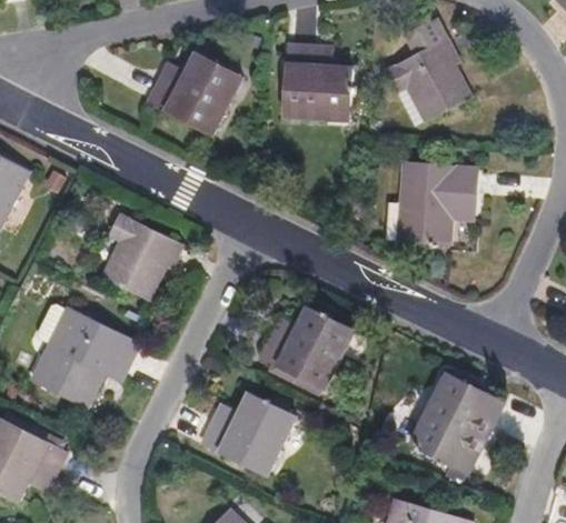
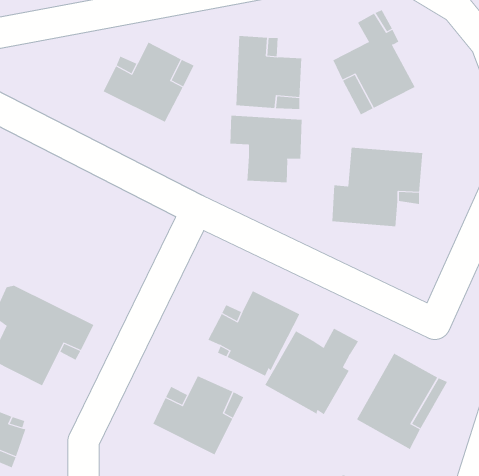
building: none -> [230,115,302,183]
building: [102,213,181,299] -> none
building: none -> [265,328,359,415]

